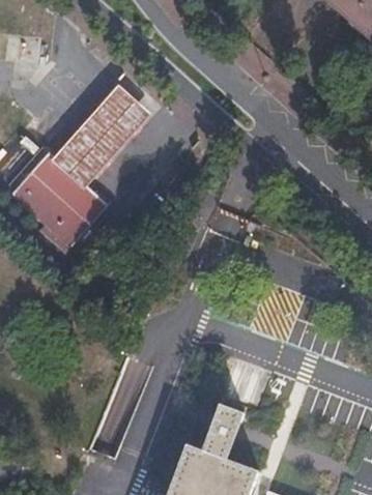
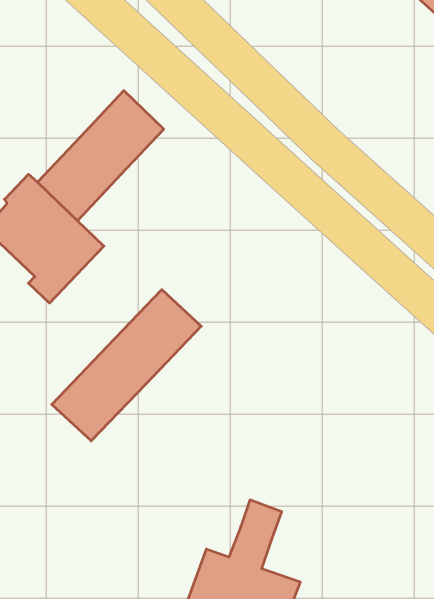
building: none -> [52,290,201,441]

